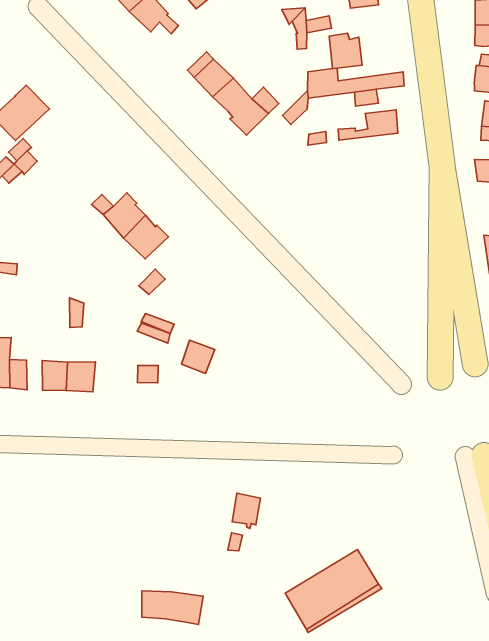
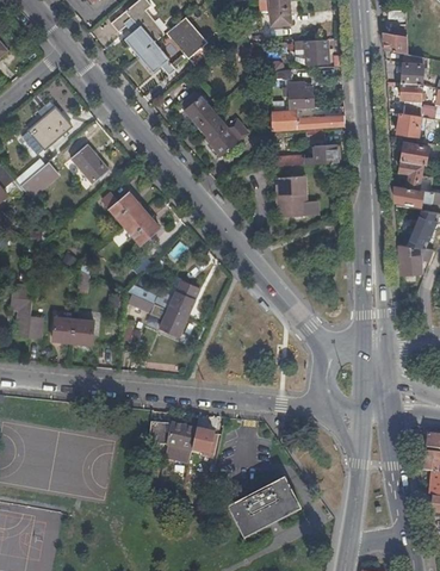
building: none -> [72,143,110,182]
building: none -> [274,176,308,218]
building: none -> [168,280,200,317]
building: [142,591,203,625] -> [149,421,197,449]

